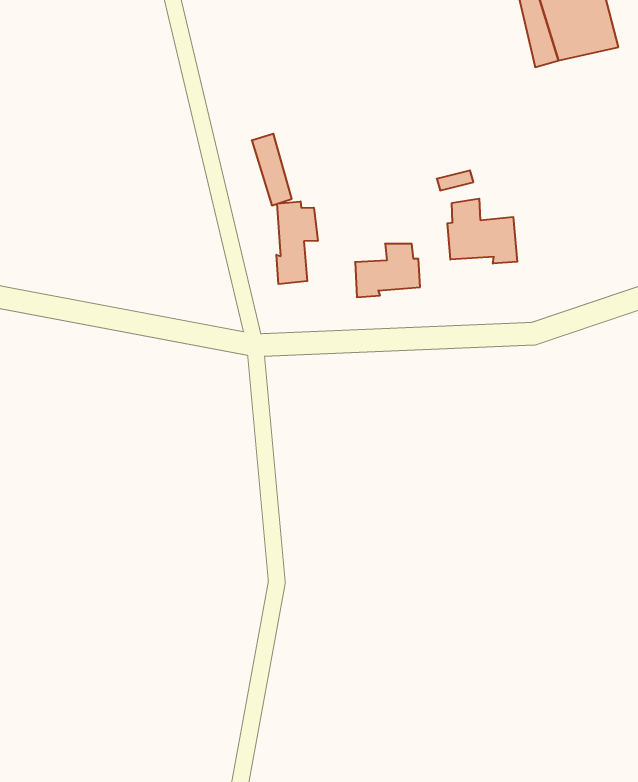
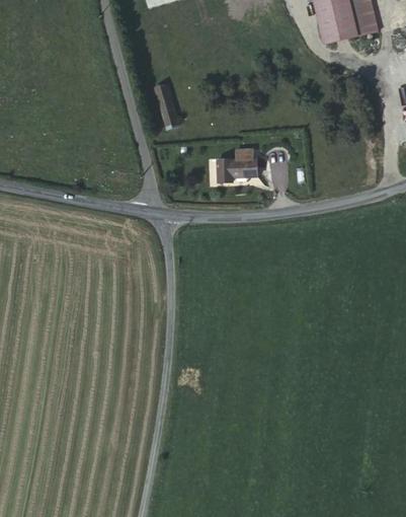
building: [447,199,517,264] -> none
building: [276,201,318,284] -> none

